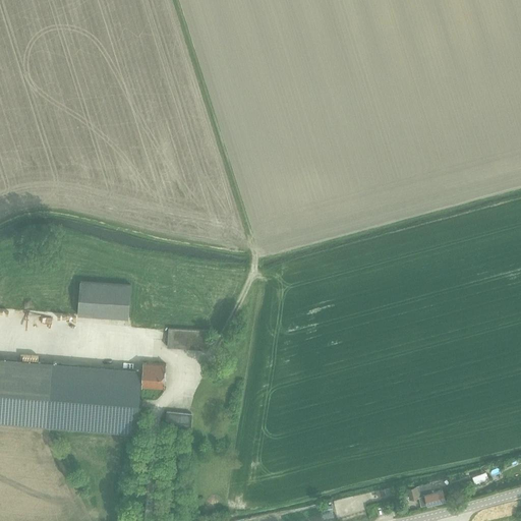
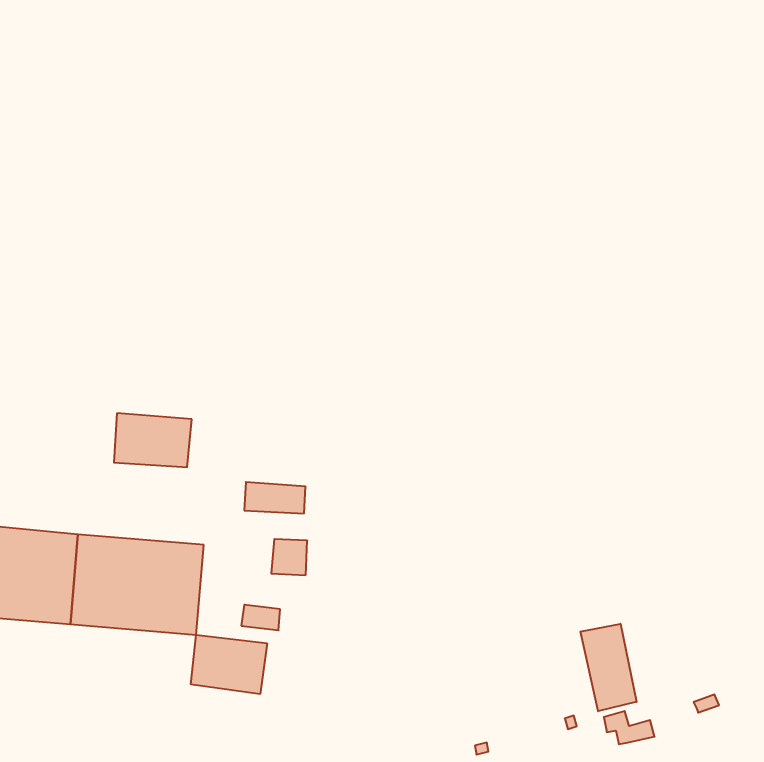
building: [140,364,165,389] -> [271,539,307,575]
building: none -> [580,624,637,711]
building: none -> [191,635,267,694]

